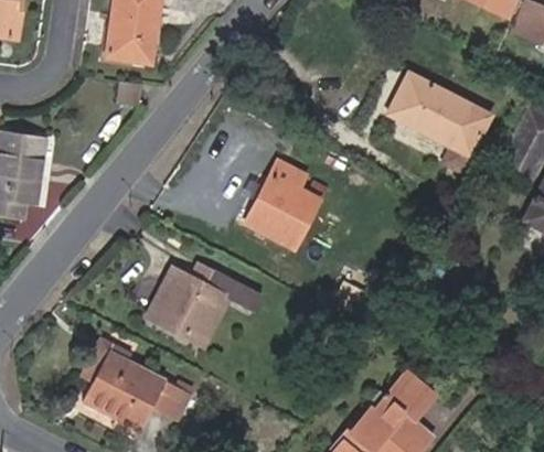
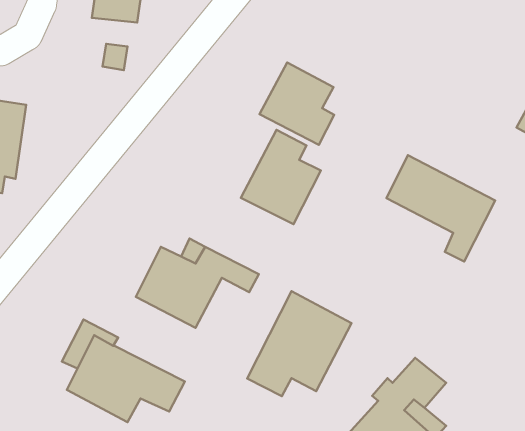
building: [390,73,490,171] -> [387,155,495,261]
building: none -> [259,63,334,145]
building: none -> [247,291,352,396]

